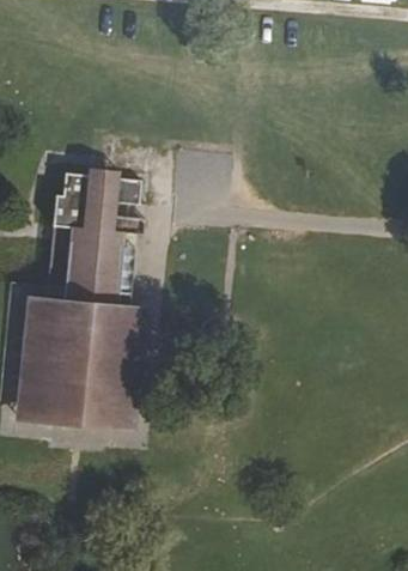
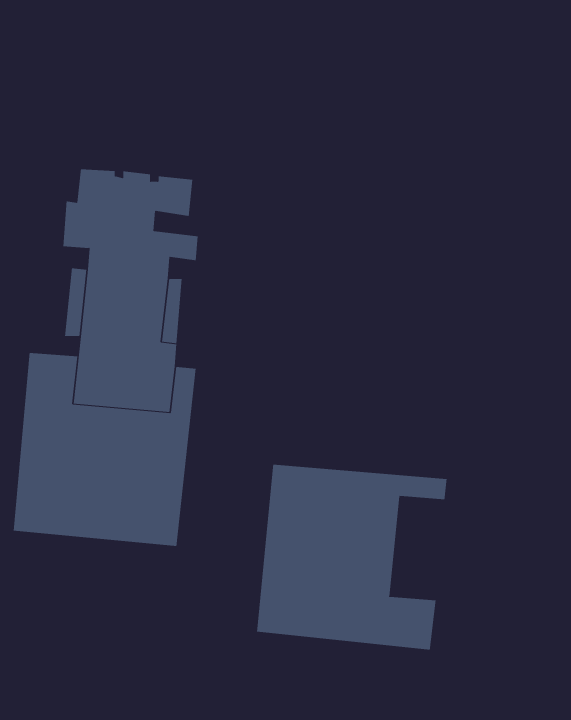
building: none -> [257,464,447,651]

